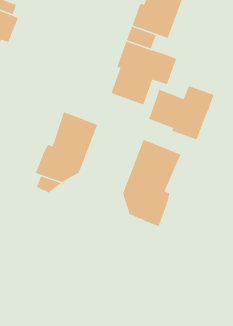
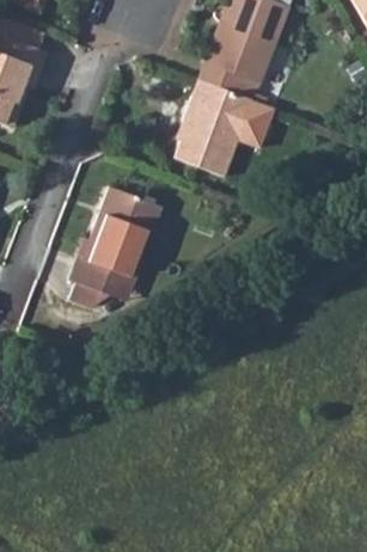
building: [148,85,215,141] -> none
building: [122,139,182,227] -> none

